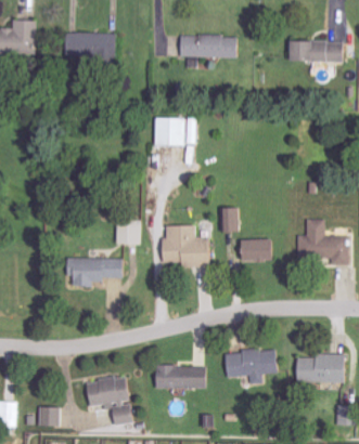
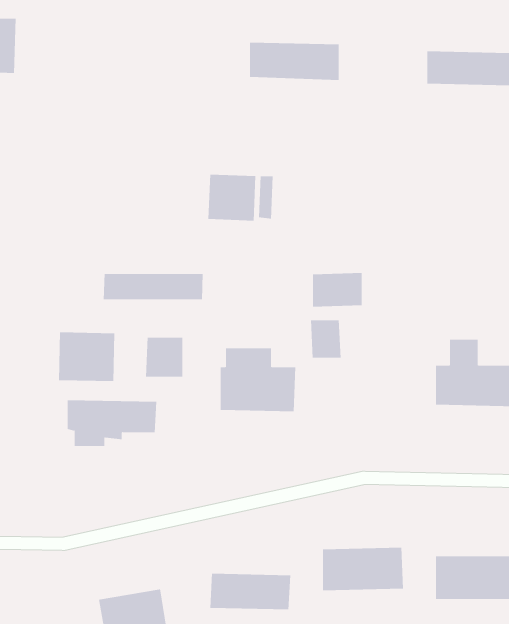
building: [66,32,115,56] -> none
building: none -> [103,273,203,300]
building: none -> [59,332,115,382]
building: [242,239,273,261] -> [312,273,363,307]

